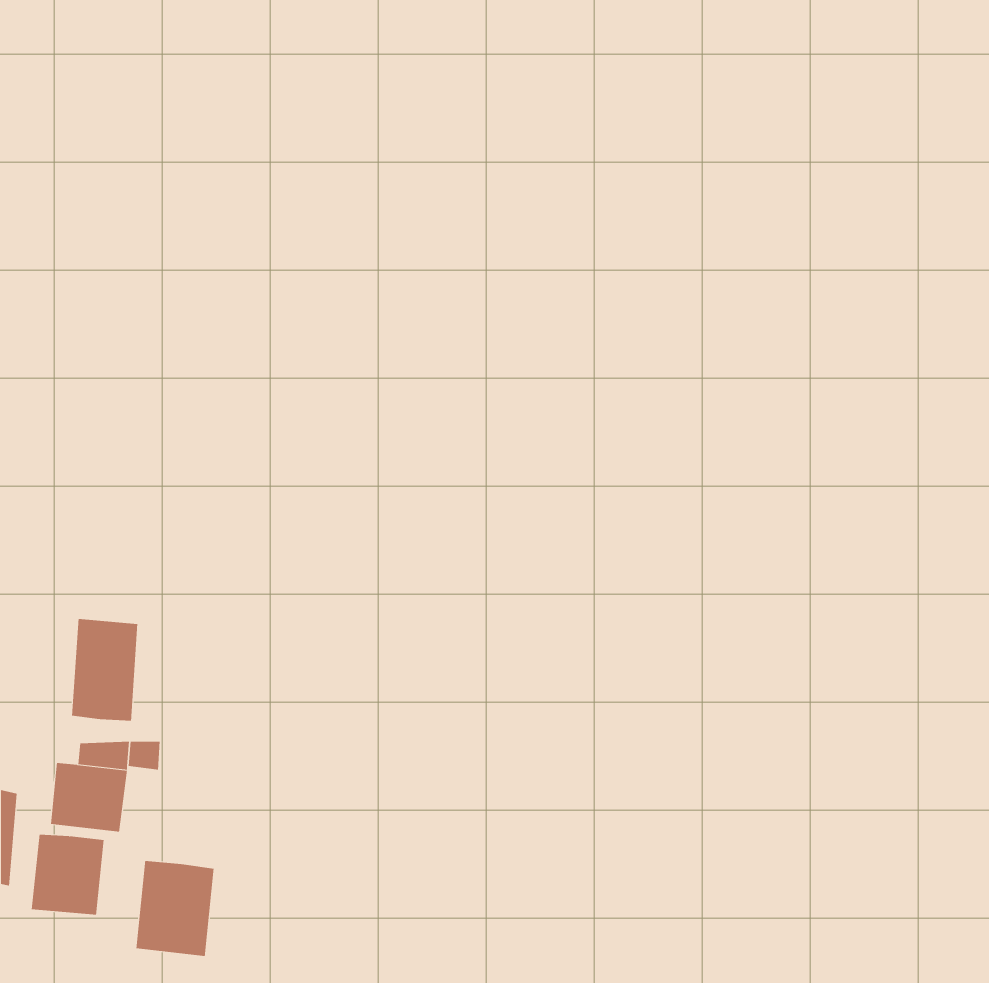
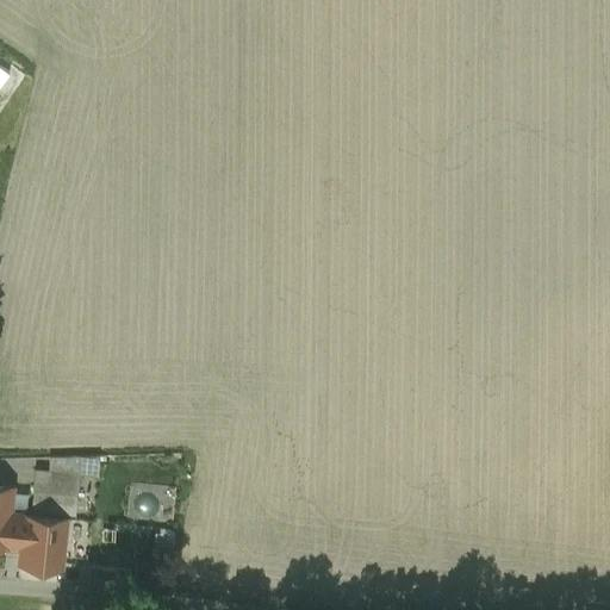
building: [71,618,138,721] -> none
building: [136,860,214,957] -> none

